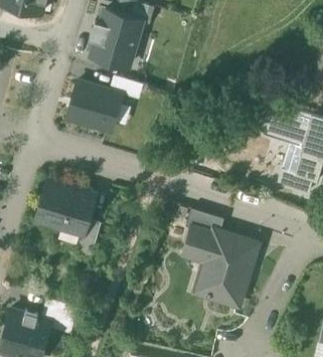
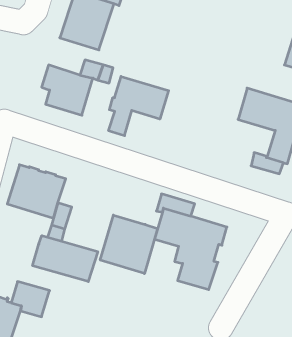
building: none -> [109,76,169,136]
building: none -> [100,215,157,274]
building: none -> [33,236,98,282]

